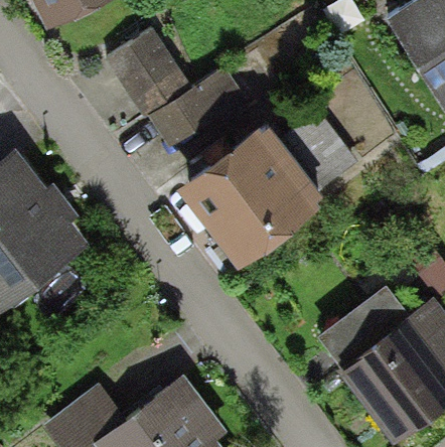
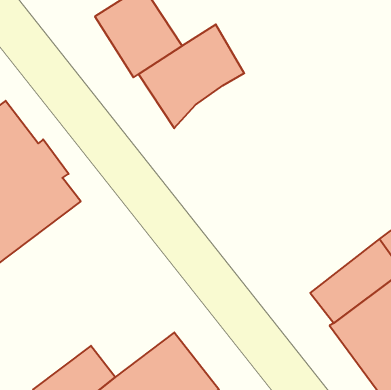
building: [178,114,324,260] -> none

